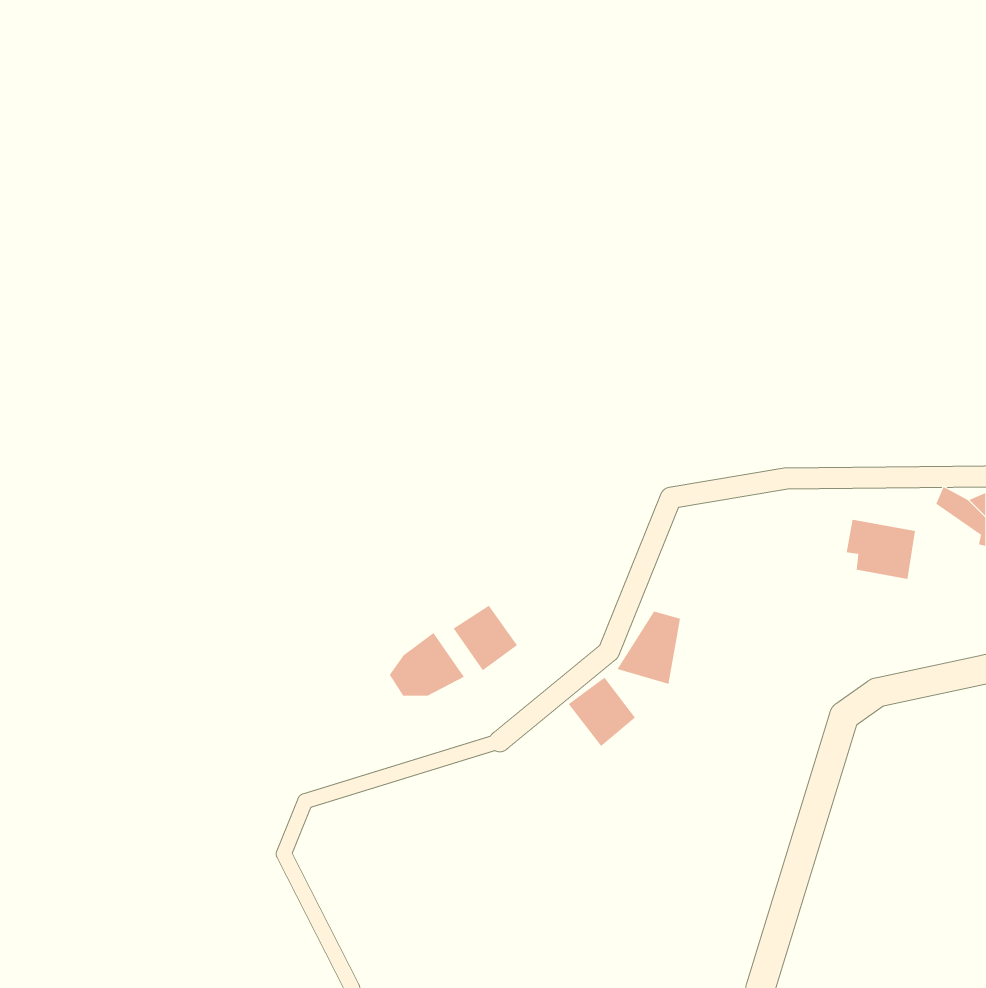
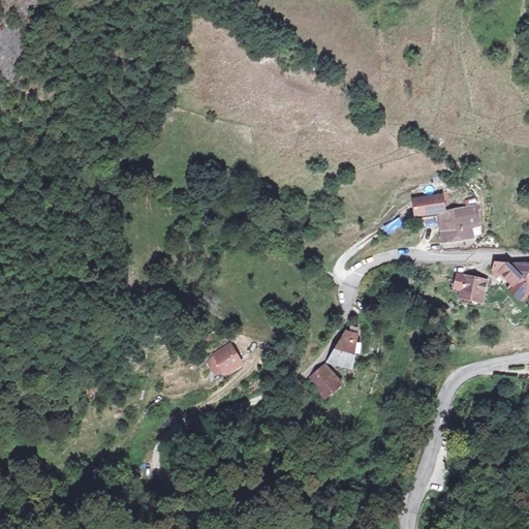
building: none -> [411,192,484,245]
building: [453,605,518,671] -> none

